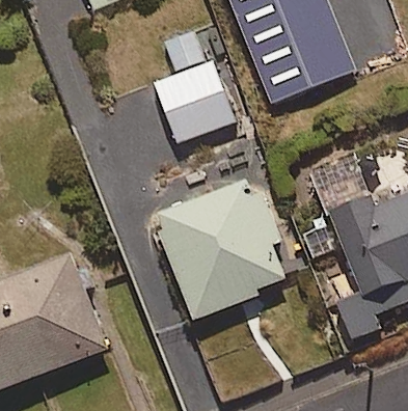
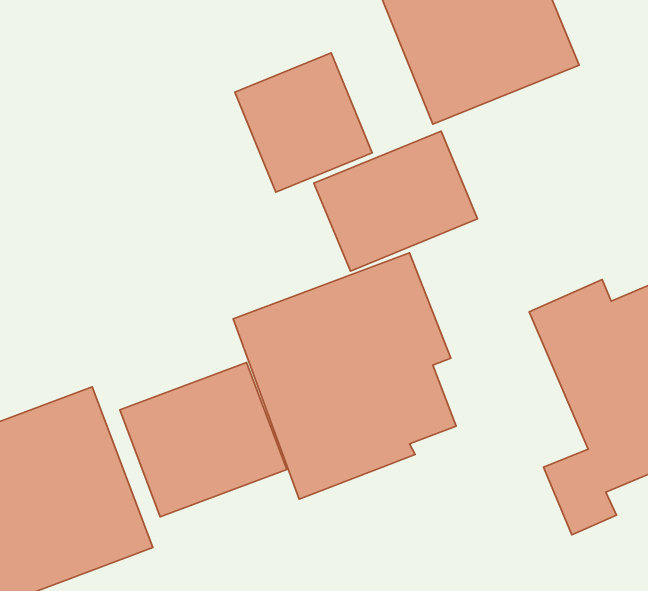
building: none -> [314,131,478,271]
building: none -> [120,363,287,517]

